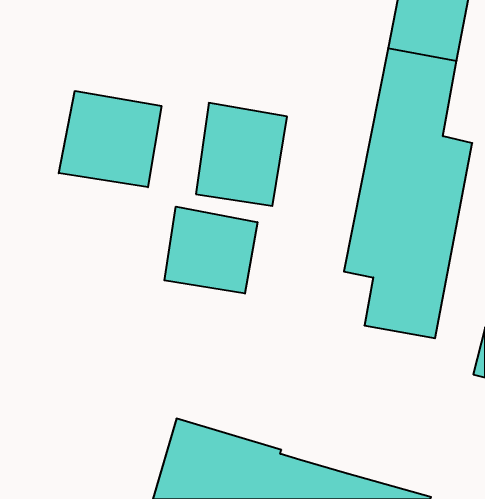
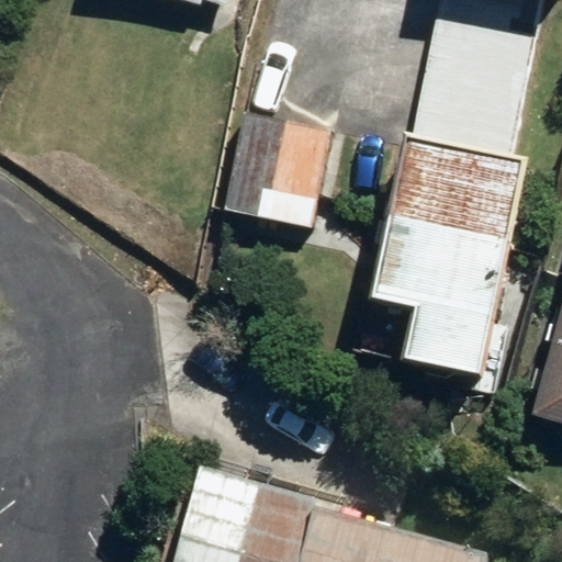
building: [59,91,161,187] -> none
building: [164,207,257,294] -> none

